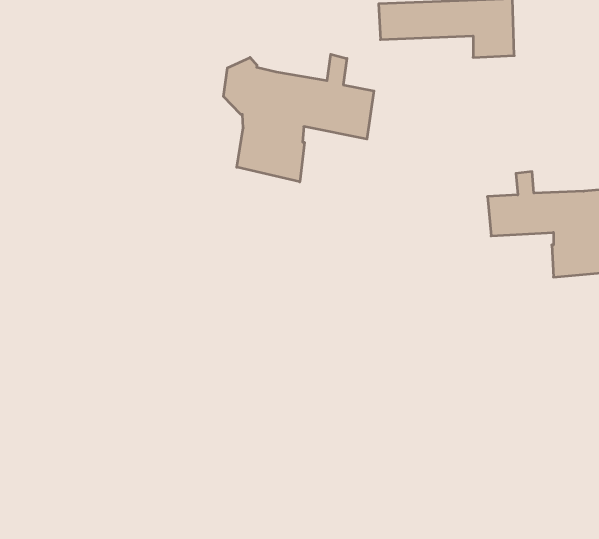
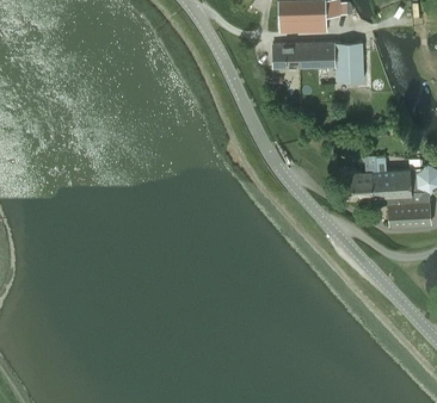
building: [223,54,374,182] -> none

